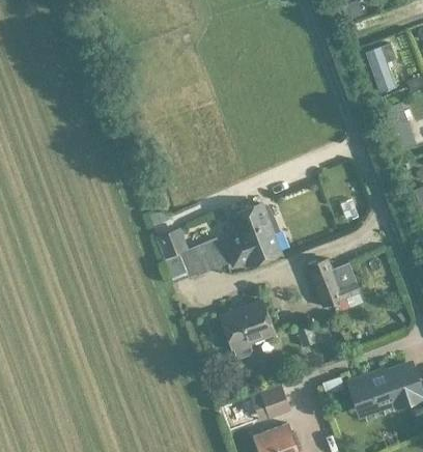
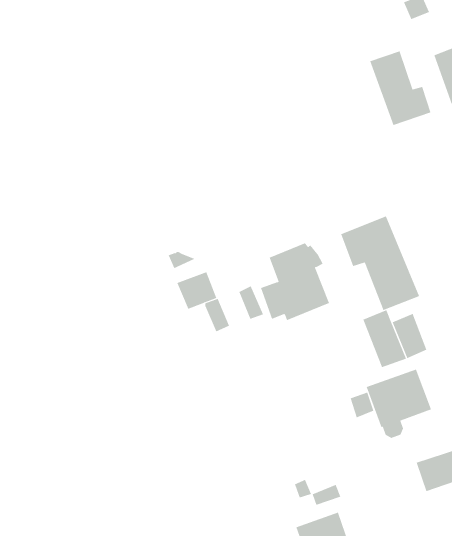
building: none -> [370,50,431,126]
building: none -> [340,216,420,311]
building: [221,303,275,360] -> [366,369,432,439]

